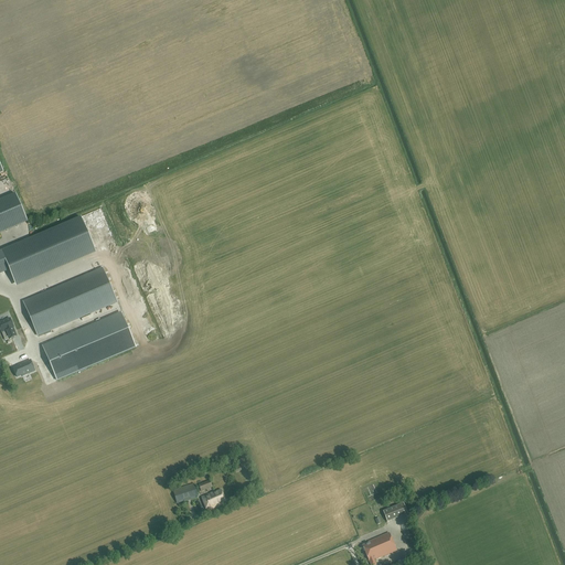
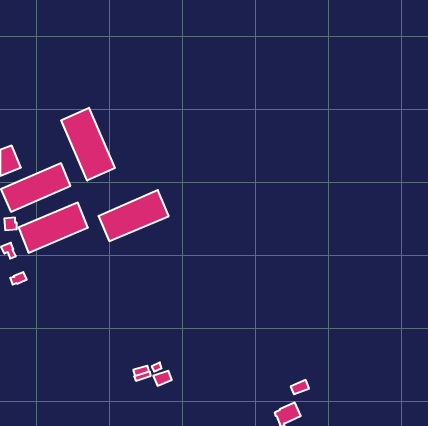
building: none -> [61,108,115,181]
building: [42,311,135,379] -> [98,190,169,241]

